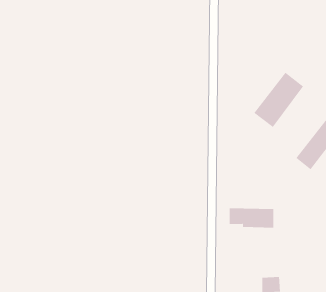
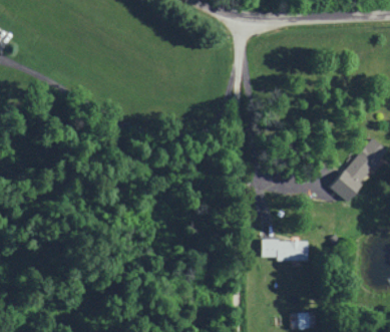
building: [253,72,304,128] -> none

